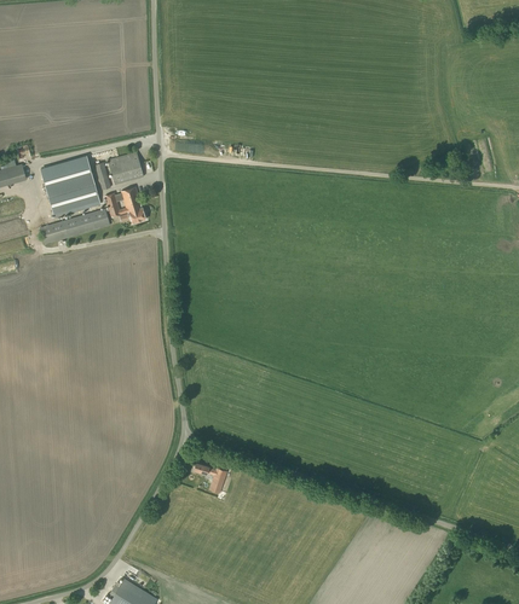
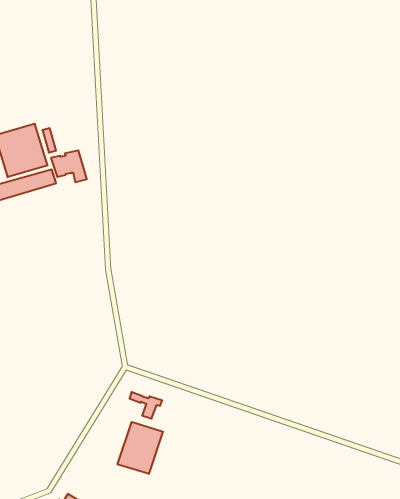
building: [108,152,143,182] -> none
building: none -> [118,422,163,474]

